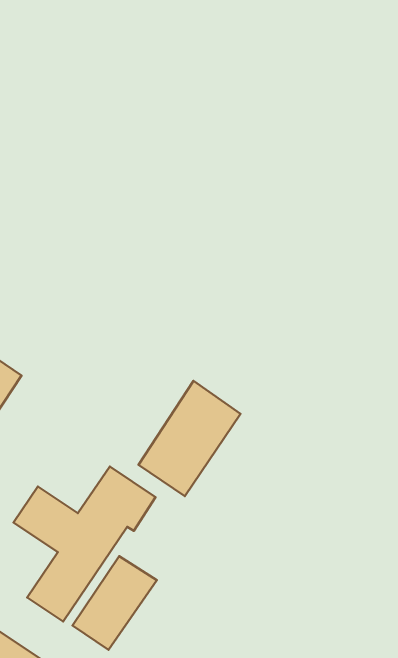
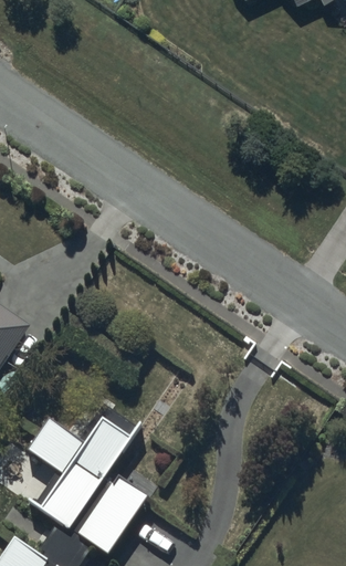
building: [139,381,240,496] -> none

